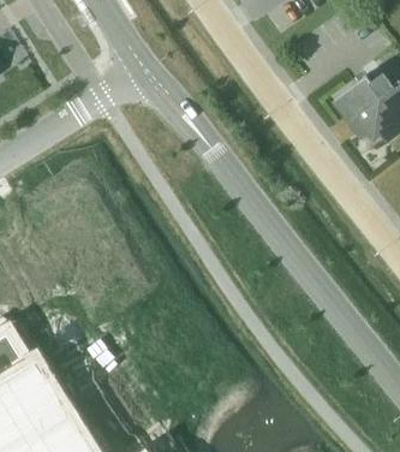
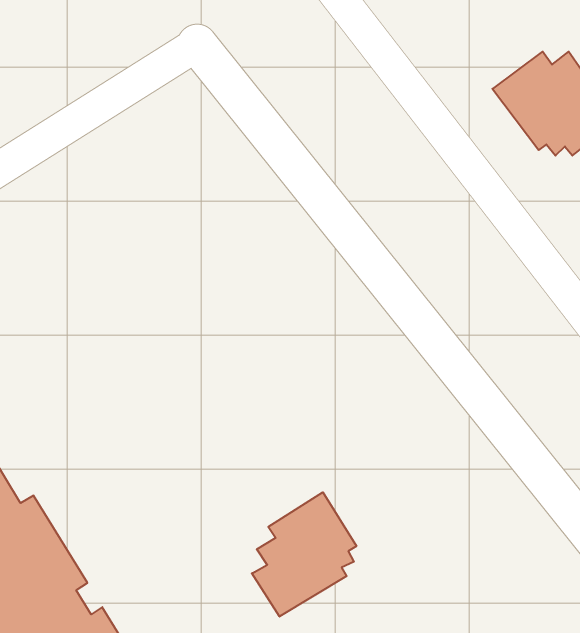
building: none -> [252,492,356,617]

